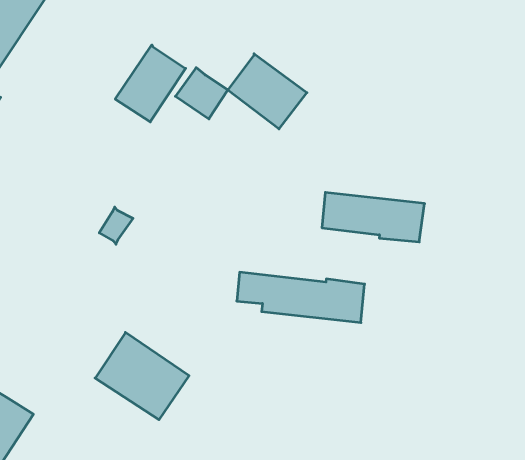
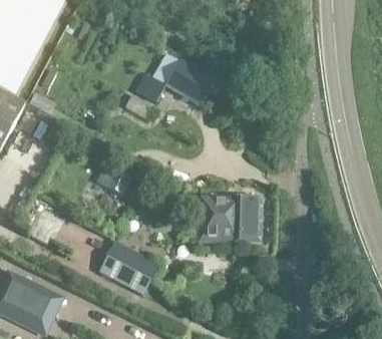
building: [115,45,186,122] -> none
building: [322,192,425,242] -> [199,220,261,245]

